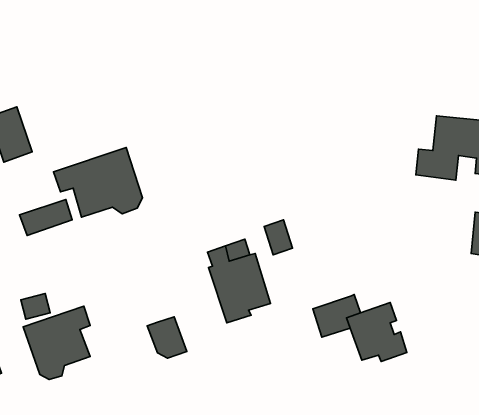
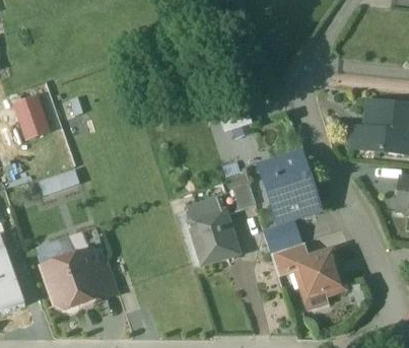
building: [54,148,142,217] -> none
building: none -> [265,156,316,219]
building: none -> [261,219,300,254]
building: [147,317,187,358] -> [86,263,118,295]

